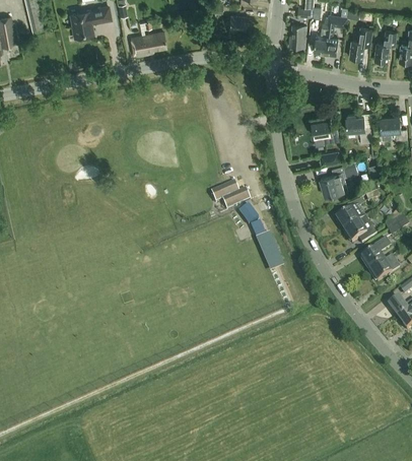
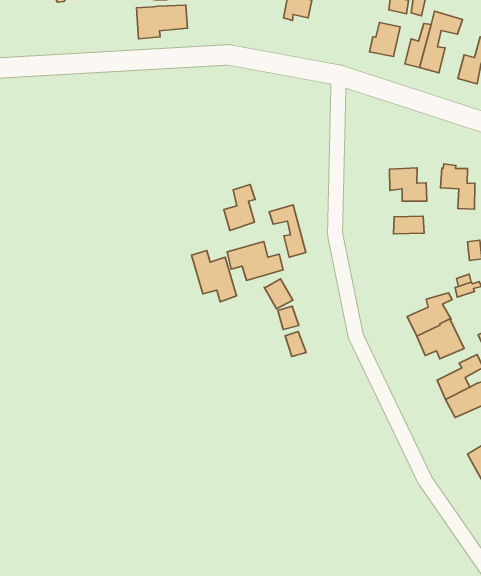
building: none -> [224,184,255,230]
building: none -> [269,205,306,257]
building: [321,161,358,197] -> none
building: none -> [192,250,236,302]

